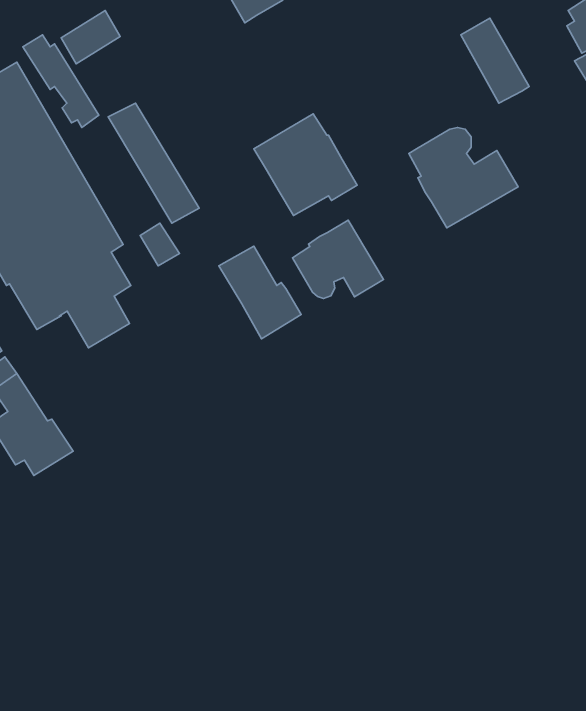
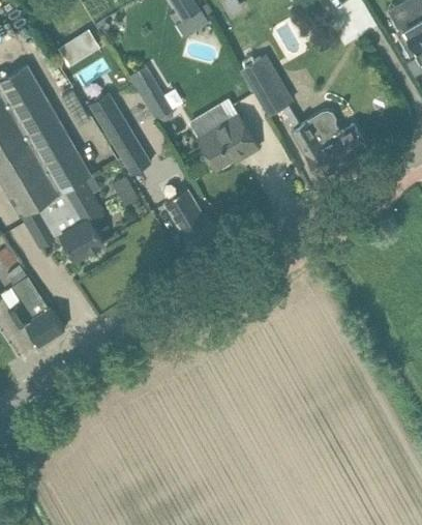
building: [461,18,529,103] -> [241,58,288,116]
building: [23,35,99,127] -> [123,59,175,122]
building: [293,220,384,299] -> none

